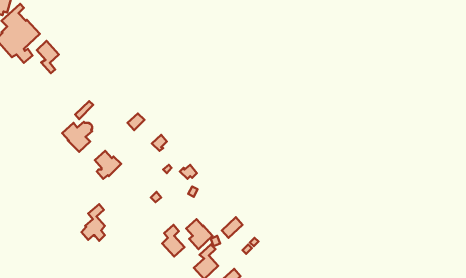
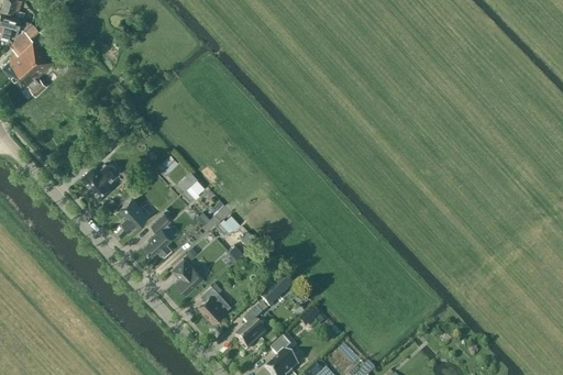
building: [37,41,59,73] -> none
building: [81,204,105,241] -> [143,213,170,256]
building: [186,219,212,249] -> [172,258,202,294]

